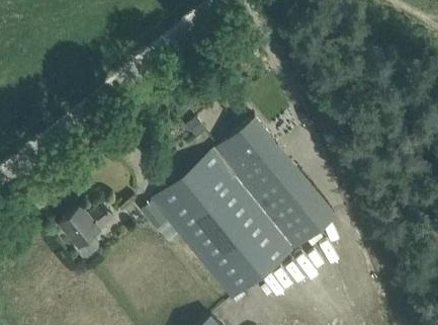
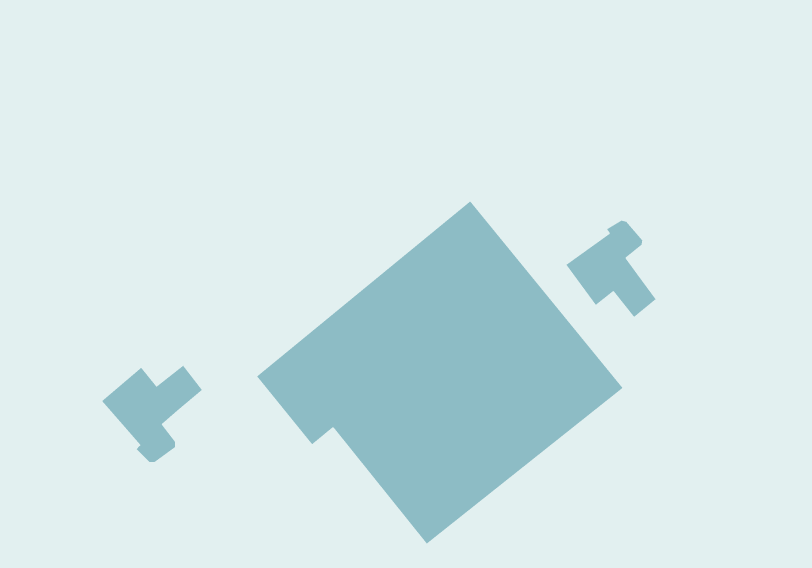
building: none -> [565,220,657,318]

